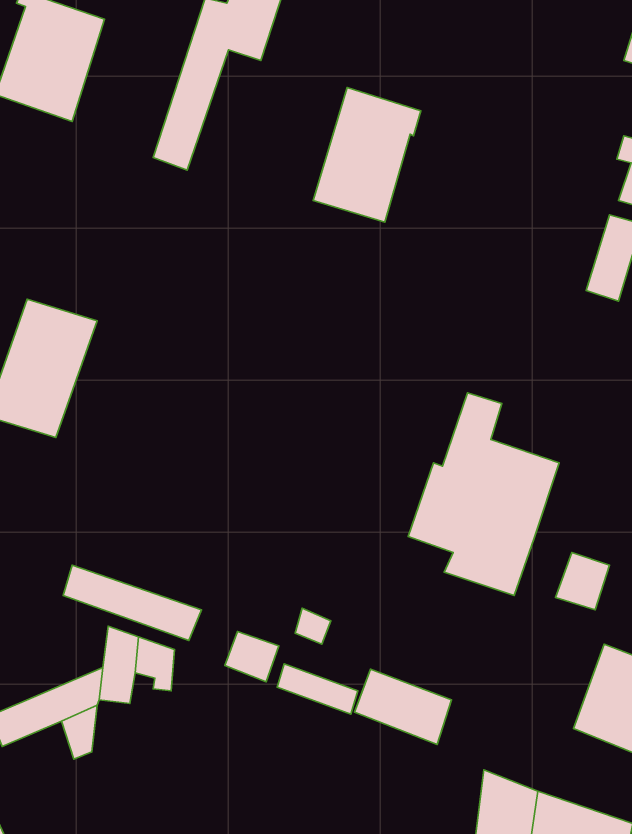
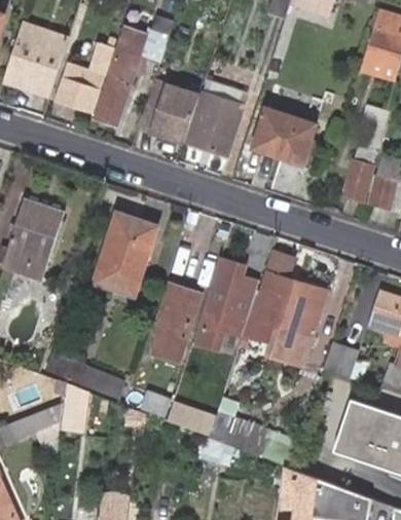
building: none -> [57,38,114,110]
building: none -> [138,82,199,142]
building: none -> [254,109,315,163]
building: none -> [93,212,160,288]
building: none -> [196,264,242,348]
building: none -> [147,285,199,364]

